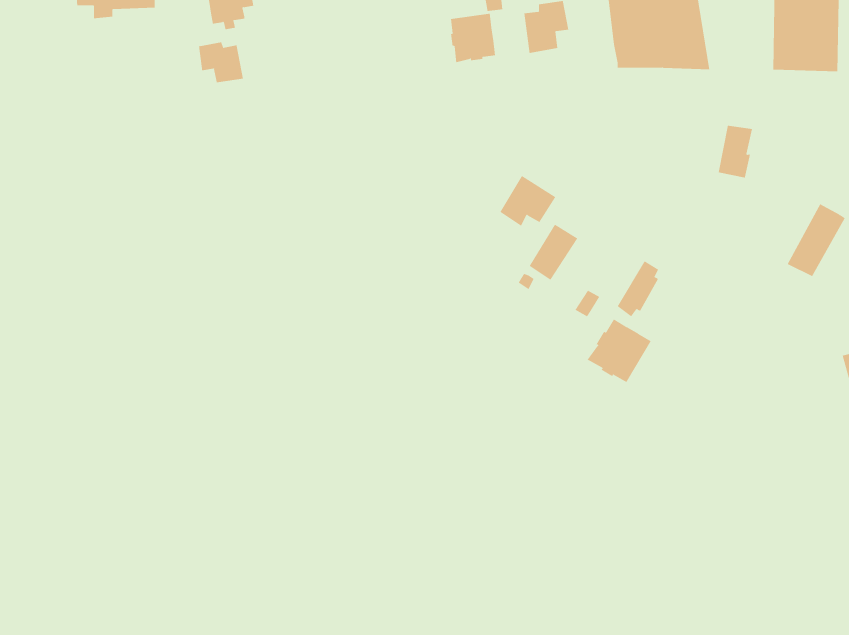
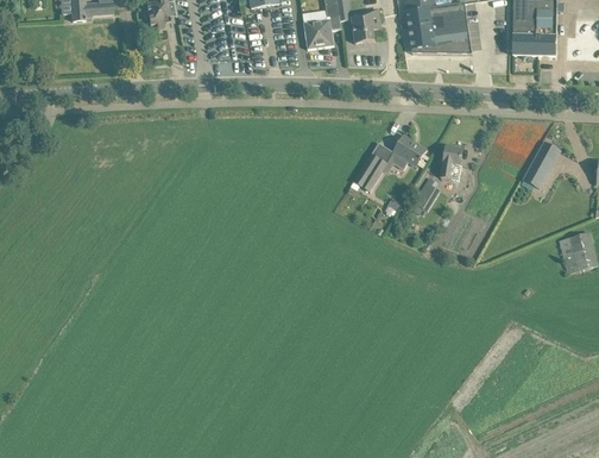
building: [198,41,243,83] -> none
building: [718,125,753,178] -> [440,144,462,178]
building: [499,175,556,226] -> [389,133,425,167]
building: [587,319,652,383] -> none

